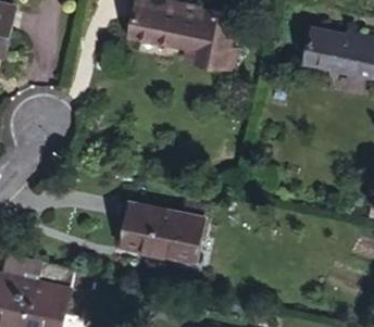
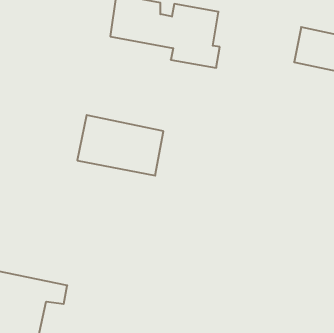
building: [115,205,196,262] -> [77,115,163,176]

